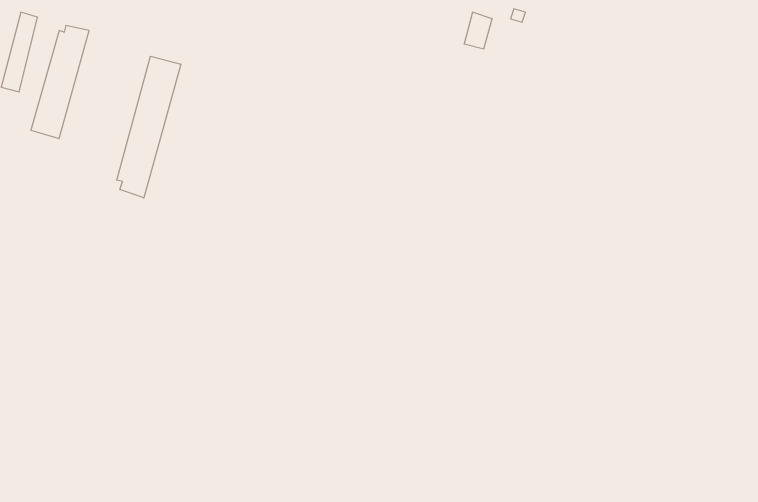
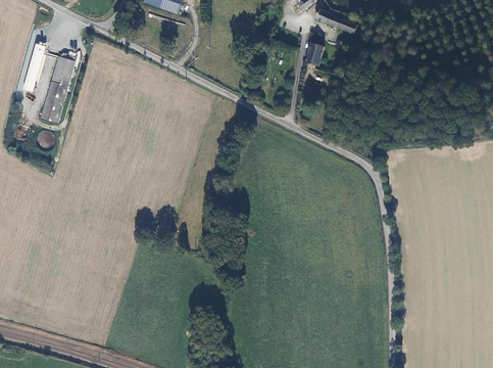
building: [117,56,181,198] -> none

